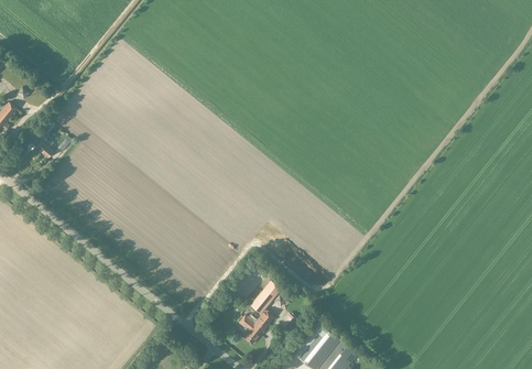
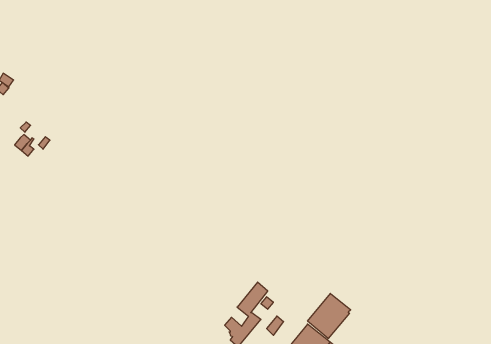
building: none -> [308,293,351,339]

